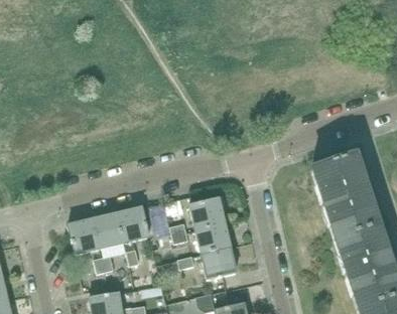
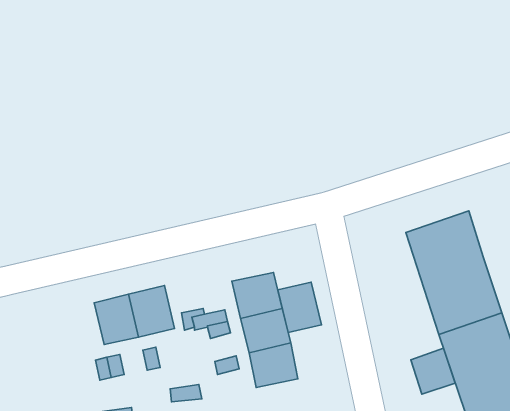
building: none -> [278,282,321,332]
building: [70,218,101,254] -> none
building: none -> [411,348,455,394]

